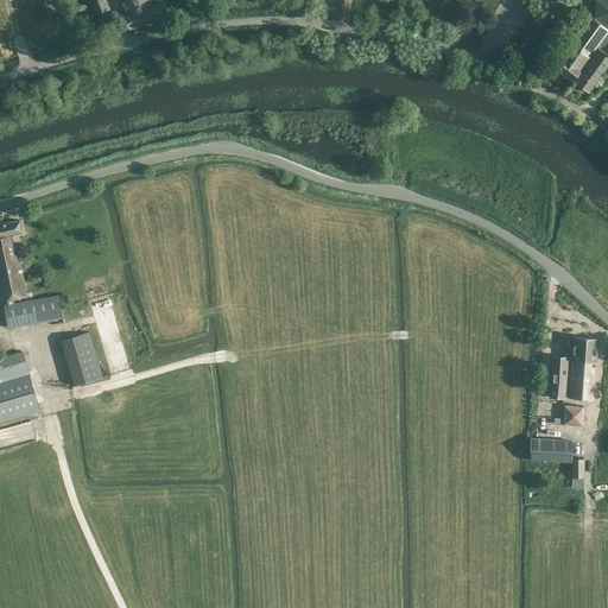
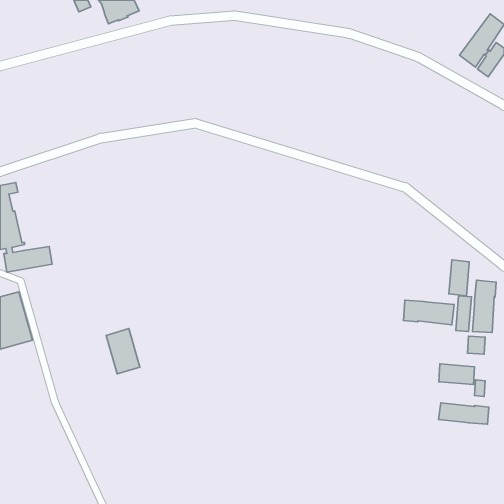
building: none -> [449,260,469,296]
building: [62,331,102,386] -> [106,329,140,374]
building: none -> [404,300,454,325]
building: none -> [439,403,489,424]

